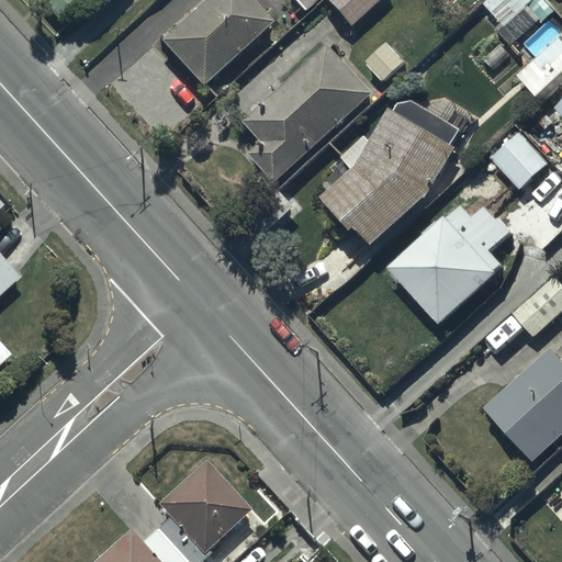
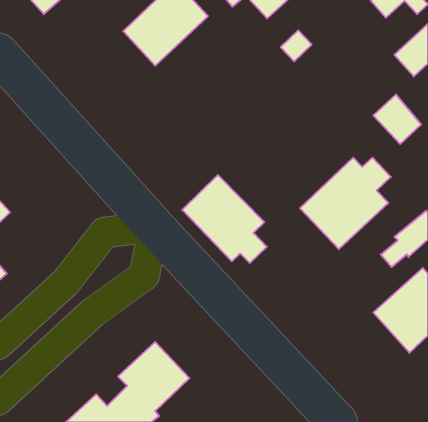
building: [244,42,373,182] -> none
building: [323,106,457,248] -> none
building: none -> [182,175,267,263]

